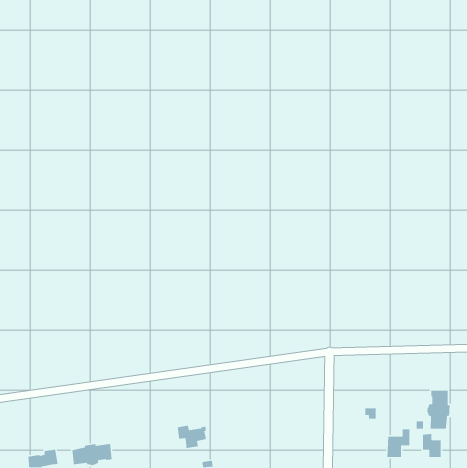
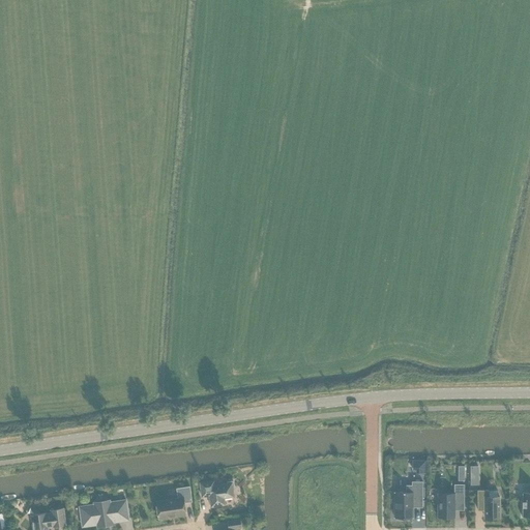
building: [427,390,450,430] -> none
building: none -> [395,481,423,519]
building: none -> [156,487,193,519]

